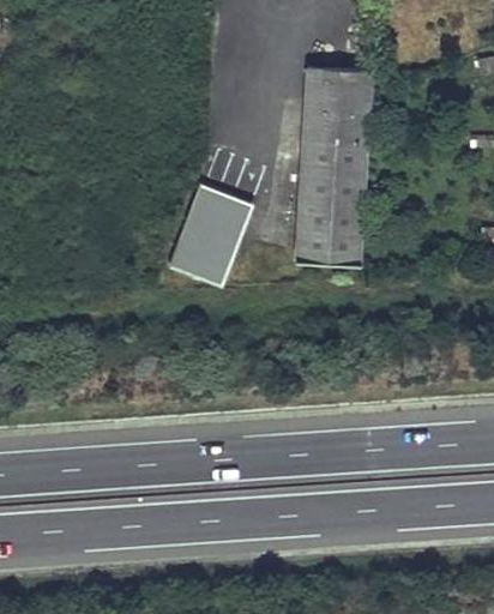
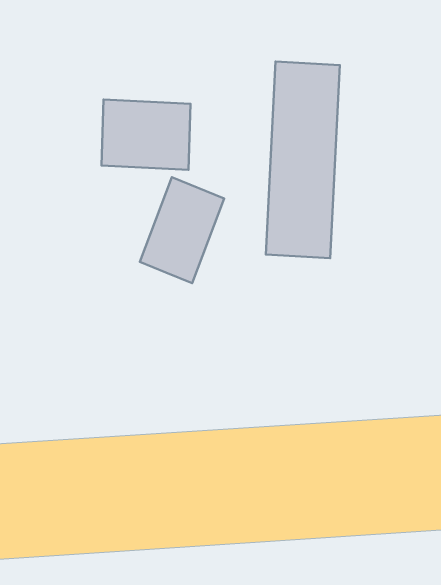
building: none -> [102,100,191,170]

